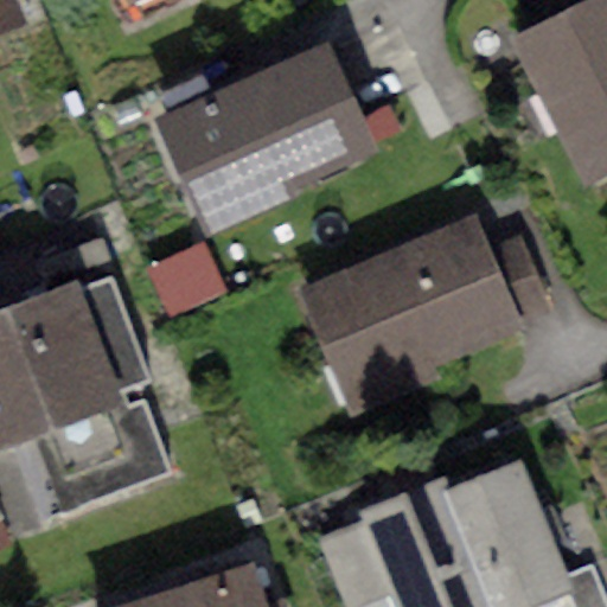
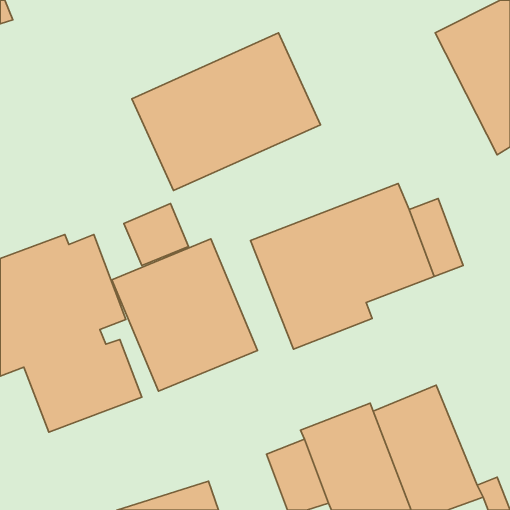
building: none -> [112,239,257,391]

